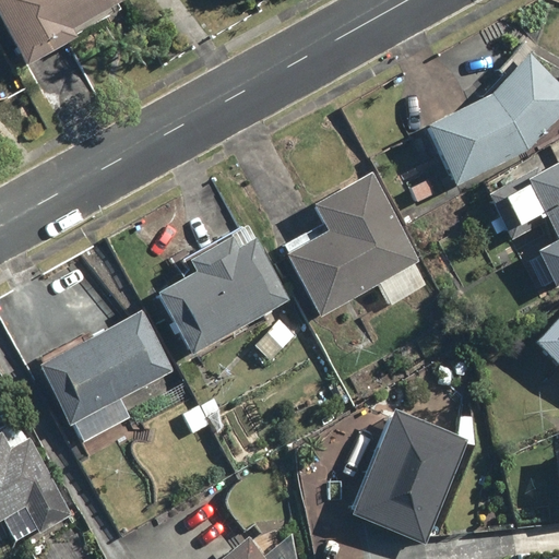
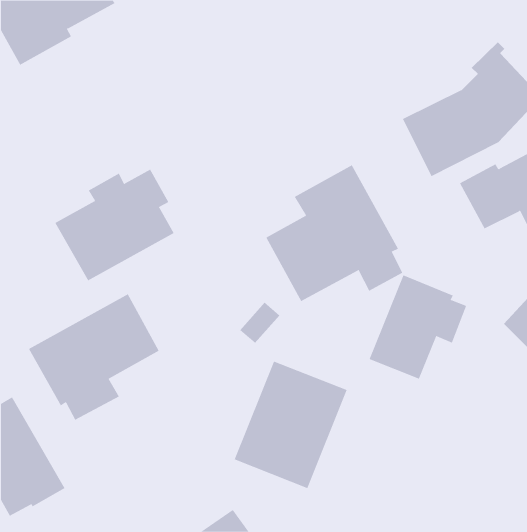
building: [155,236,281,354] -> [55,169,174,281]
building: none -> [369,274,467,379]
building: [350,409,469,544] -> [234,361,347,489]

